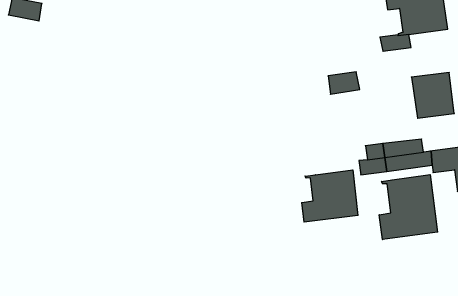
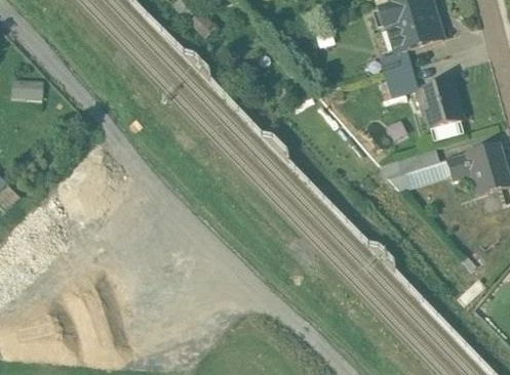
building: [328,72,360,94] -> [384,61,417,87]
building: [302,170,358,222] -> none
building: [379,175,438,240] -> none

